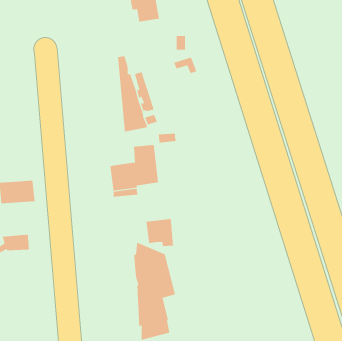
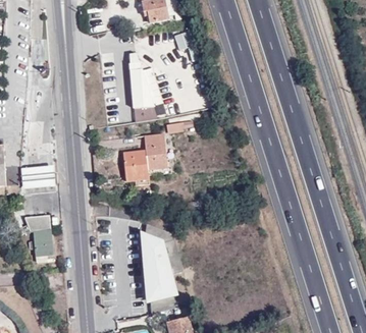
building: [146,218,173,247] -> none
building: none -> [30,229,52,262]

